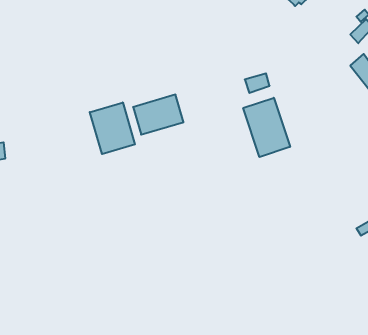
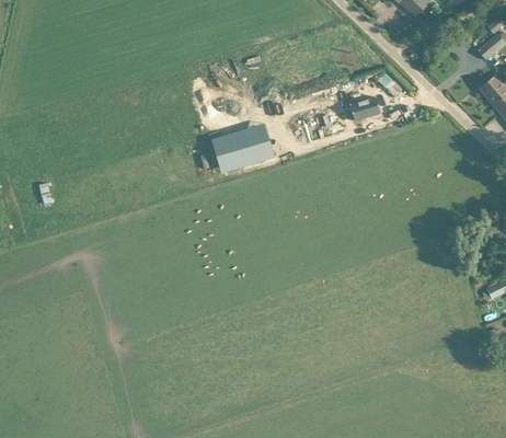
building: [243,98,290,157] -> none
building: [90,102,135,154] -> none

